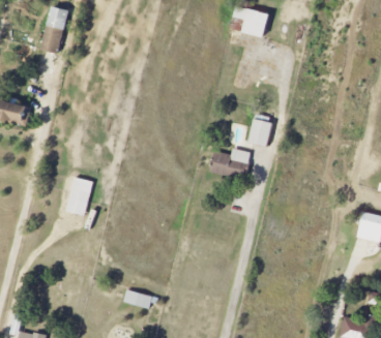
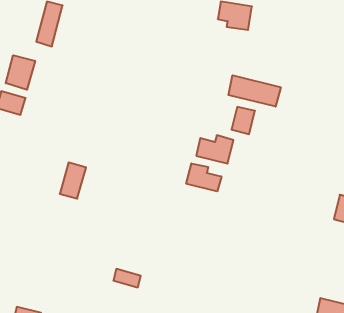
building: none -> [6,55,35,90]
building: none -> [228,75,281,107]
building: none -> [186,163,221,191]

